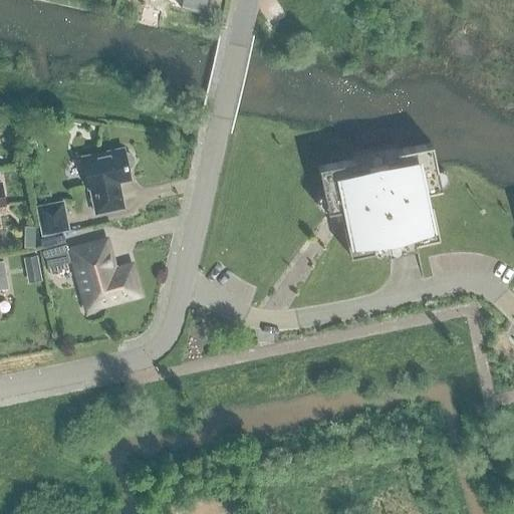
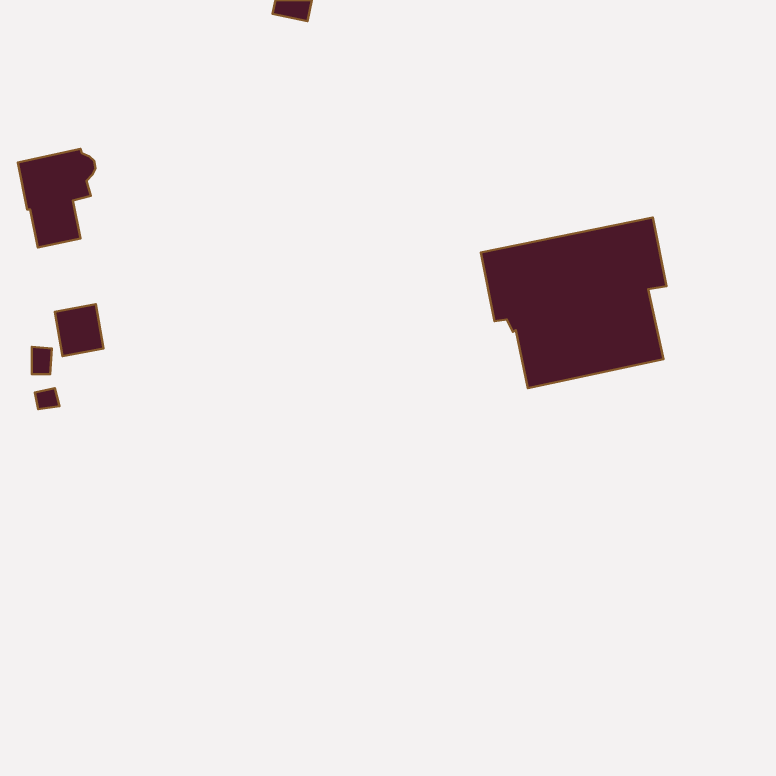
building: [82,150,134,215] -> [18,149,96,248]
building: [40,234,139,308] -> none

